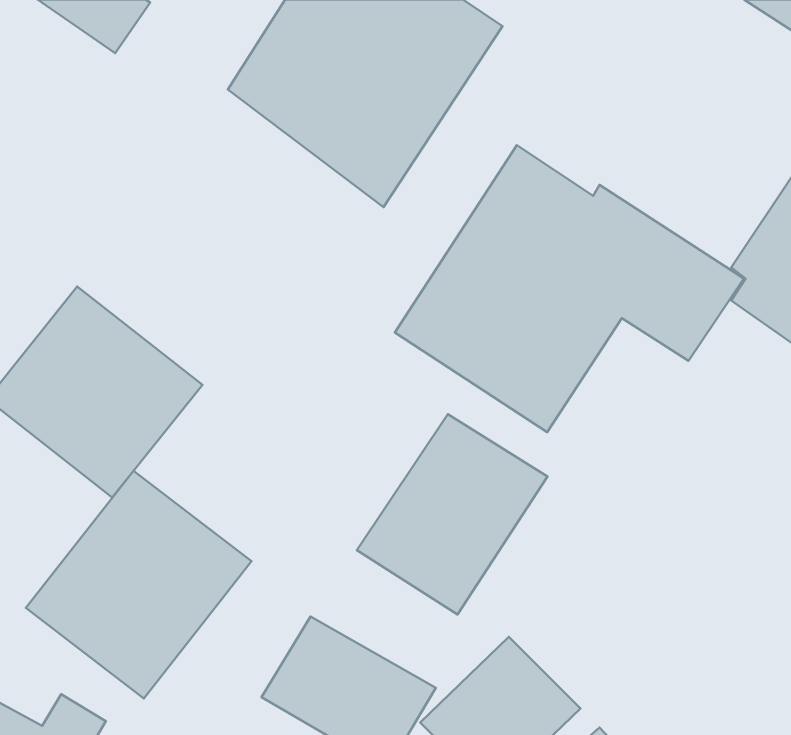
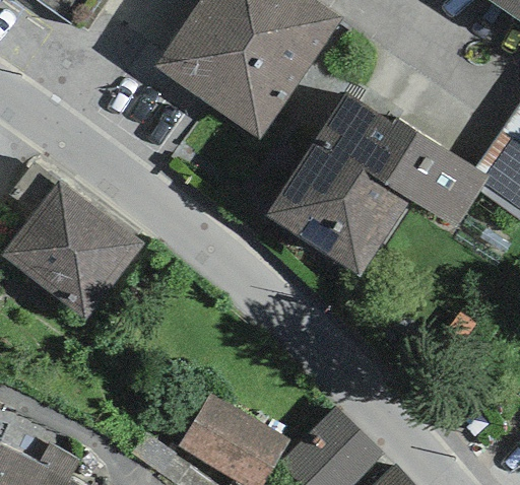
building: [357,414,547,614] -> none
building: [26,471,252,698] -> none

